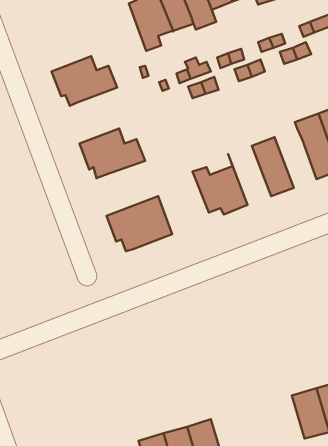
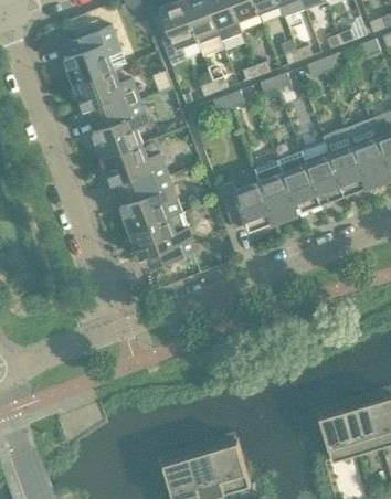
building: none -> [62,25,125,84]
building: none -> [91,100,148,158]
building: none -> [300,142,344,203]
building: none -> [253,160,297,221]
building: none -> [118,176,181,232]

